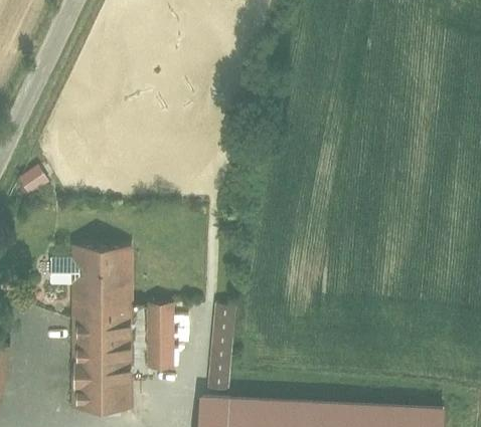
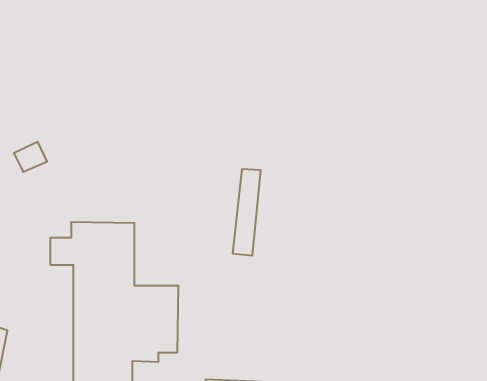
building: [207,310,234,394] -> [233,169,261,256]

